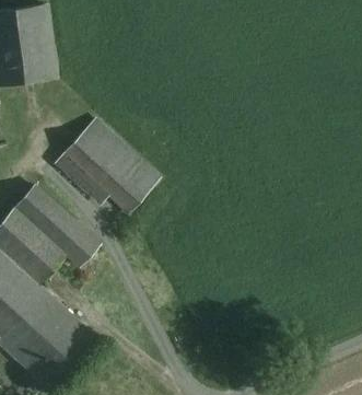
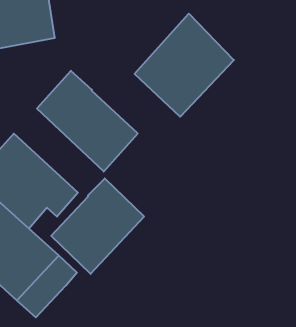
building: none -> [135,14,234,117]
building: none -> [51,178,144,274]

